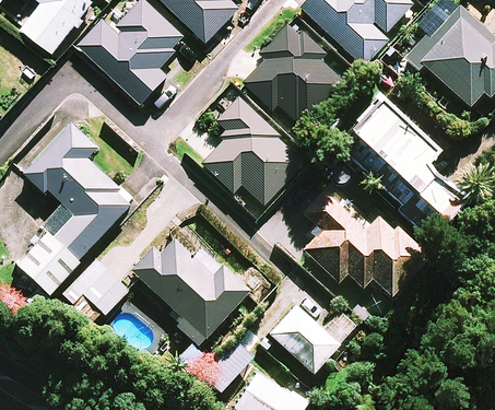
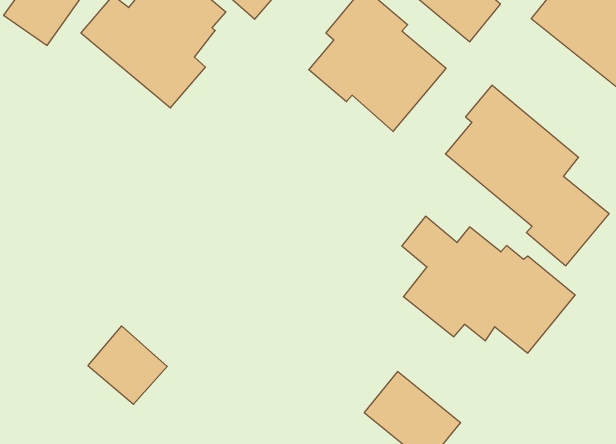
building: [202,87,307,206] -> none
building: [16,122,133,294] -> none
building: [131,239,249,345] -> none

